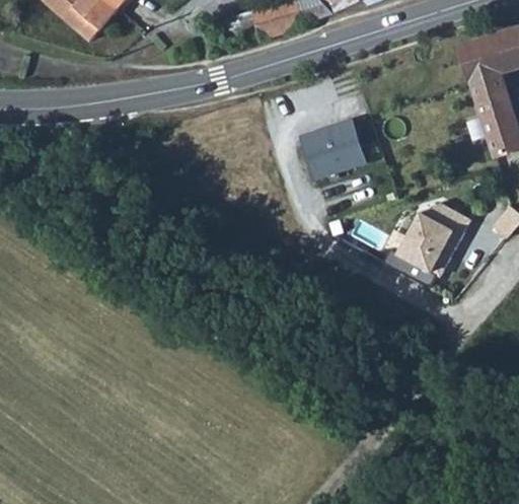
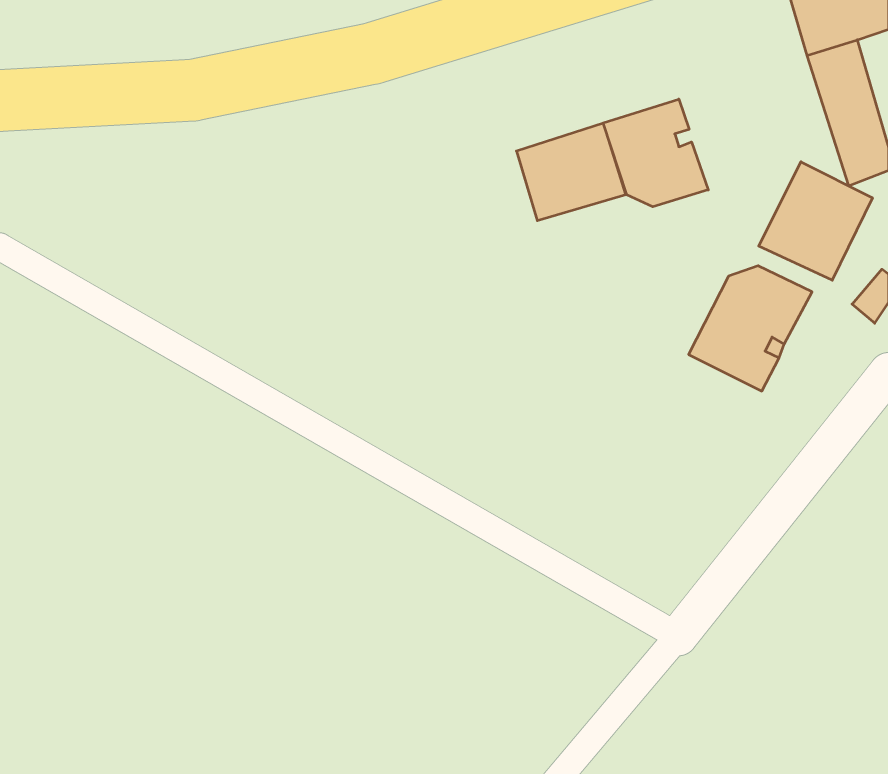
building: none -> [603,99,708,207]
building: none -> [759,162,872,280]

